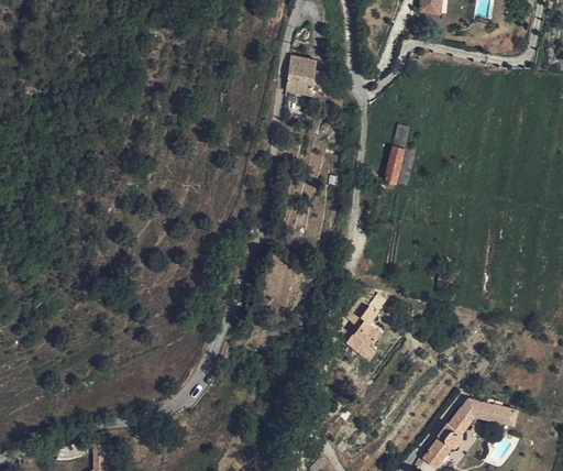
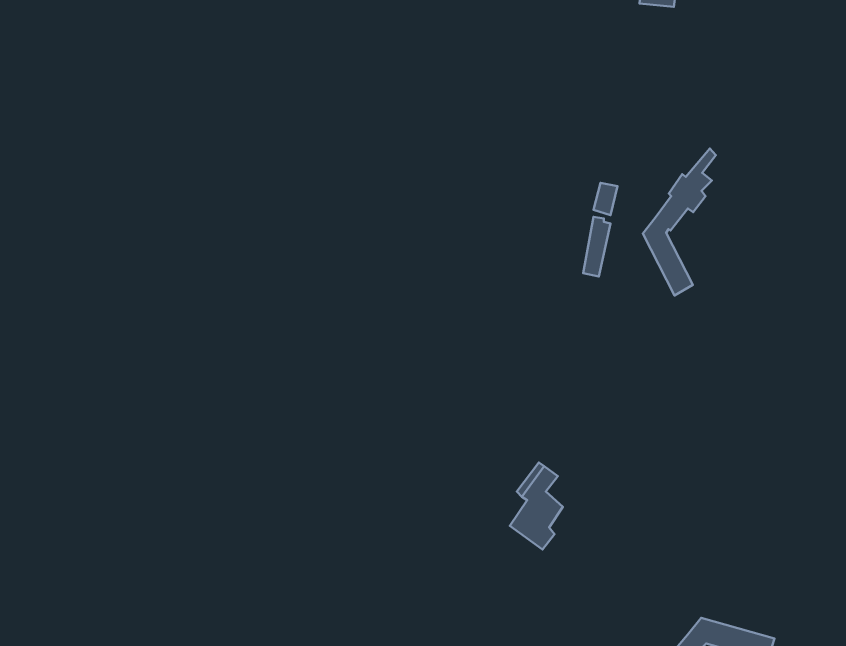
building: [286,56,318,95] -> none
building: none -> [643,149,716,296]

